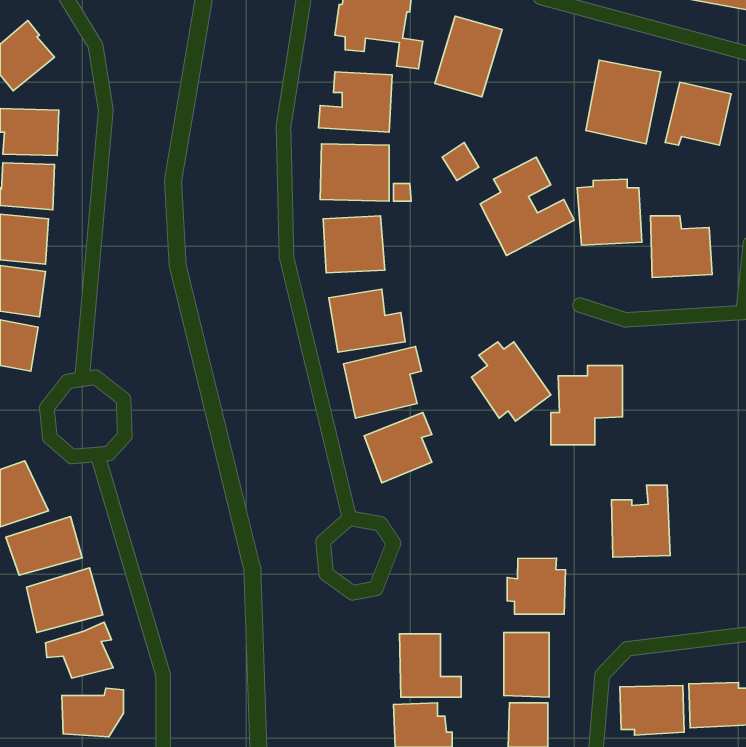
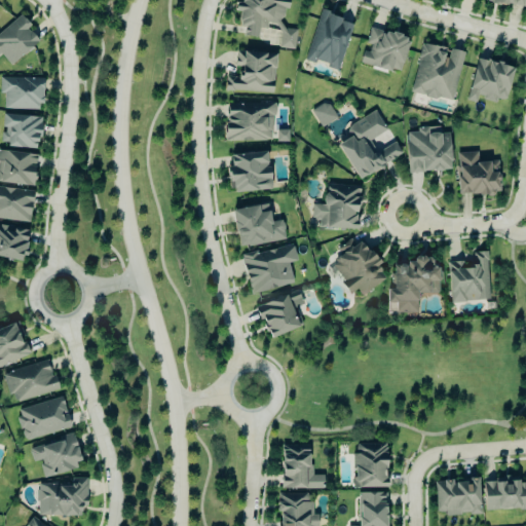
building: none -> [363,27,411,71]
building: none -> [313,183,360,228]
building: [611,485,670,557] -> [450,251,491,301]
building: [507,558,566,614] -> none

